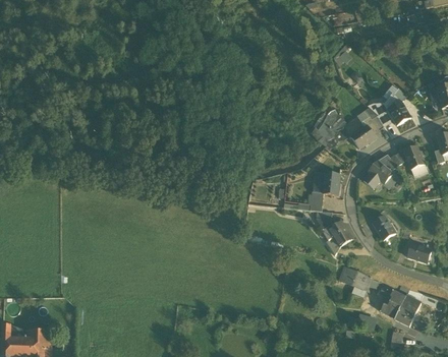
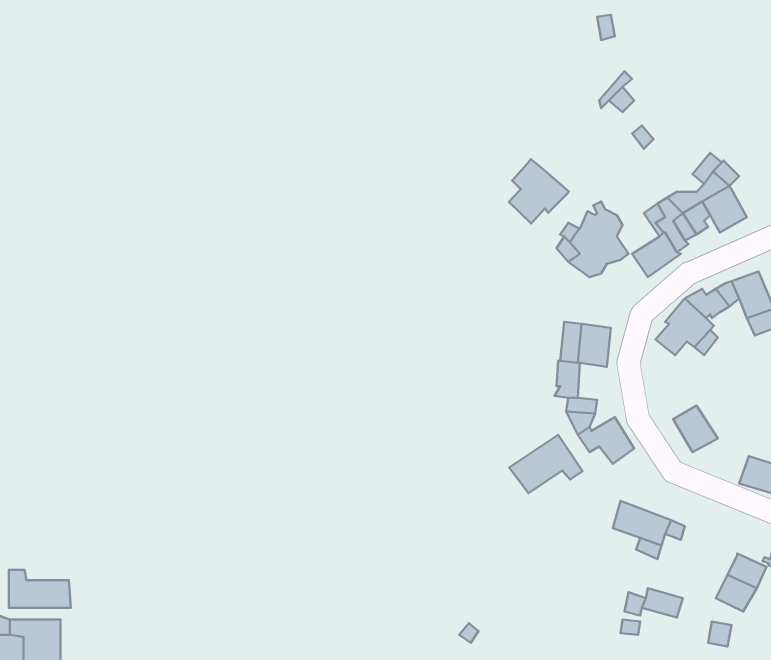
building: none -> [509,159,569,223]
building: none -> [509,435,583,493]
building: [377,285,405,317] -> none
building: none -> [9,570,71,608]

